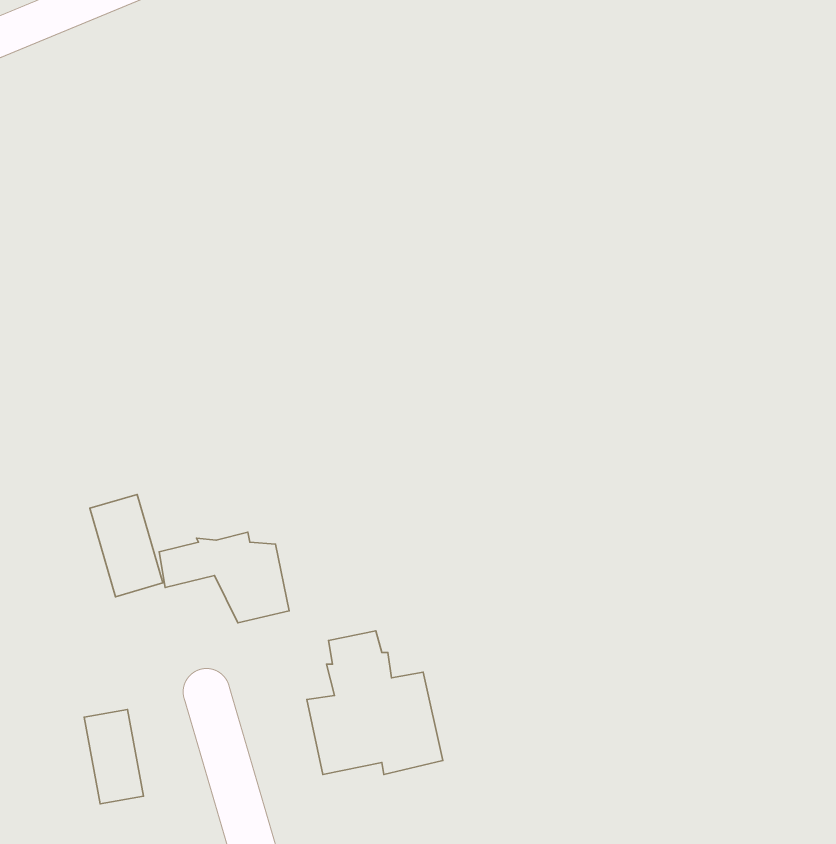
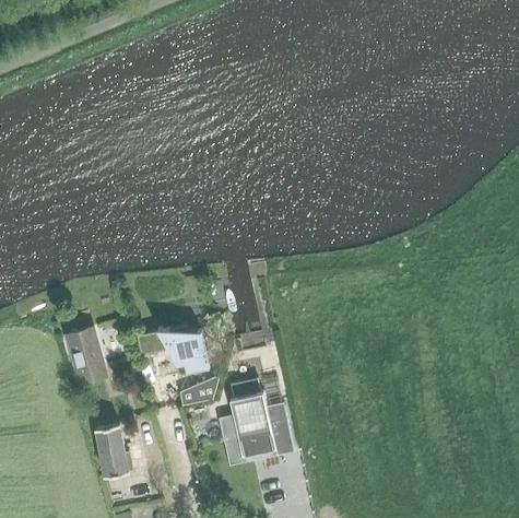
building: [90,494,163,597] -> [66,327,106,384]
building: none -> [179,375,219,405]

